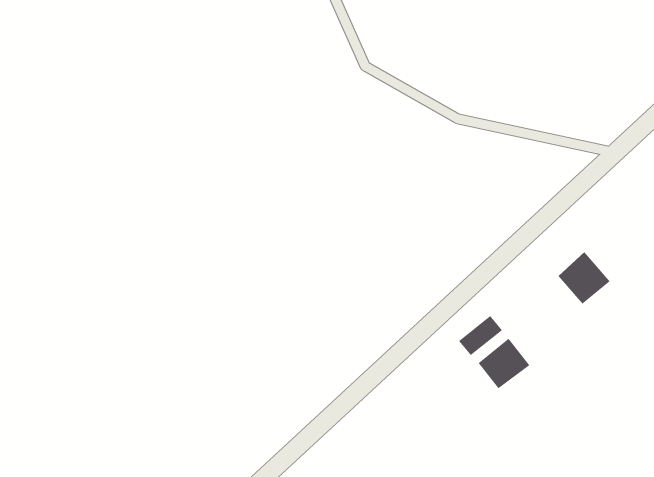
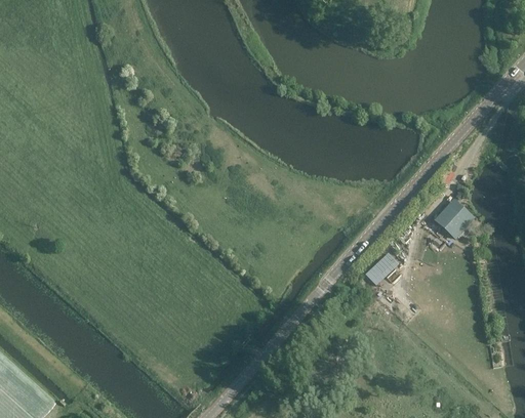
building: [478,338,530,389] -> none

